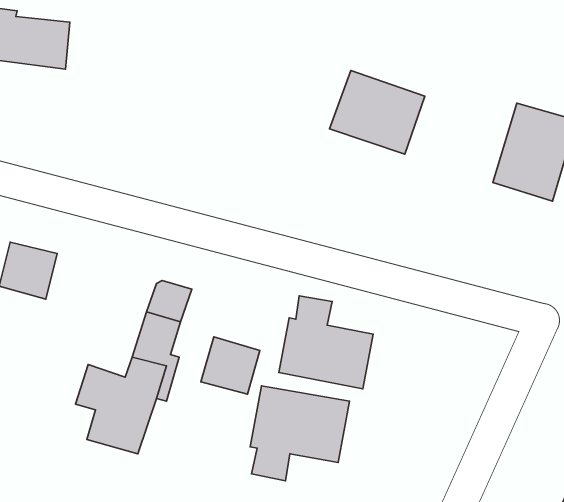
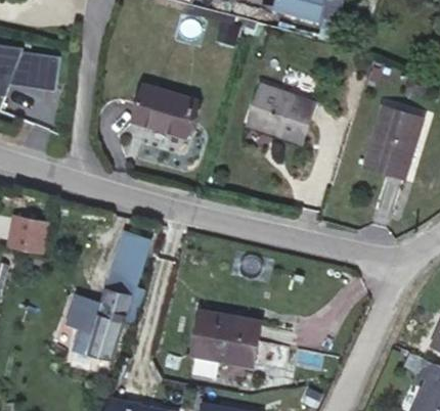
building: none -> [136,82,201,130]
building: [279,296,373,389] -> none
building: [201,337,260,394] -> none

